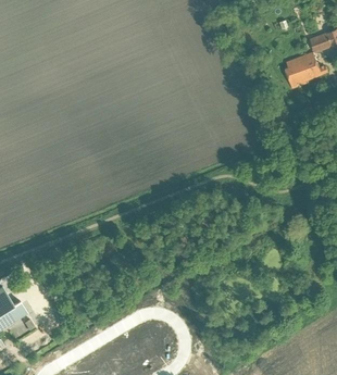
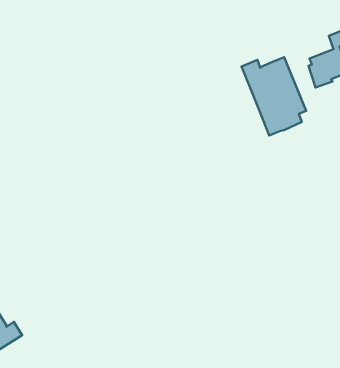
building: none -> [241,57,306,135]

